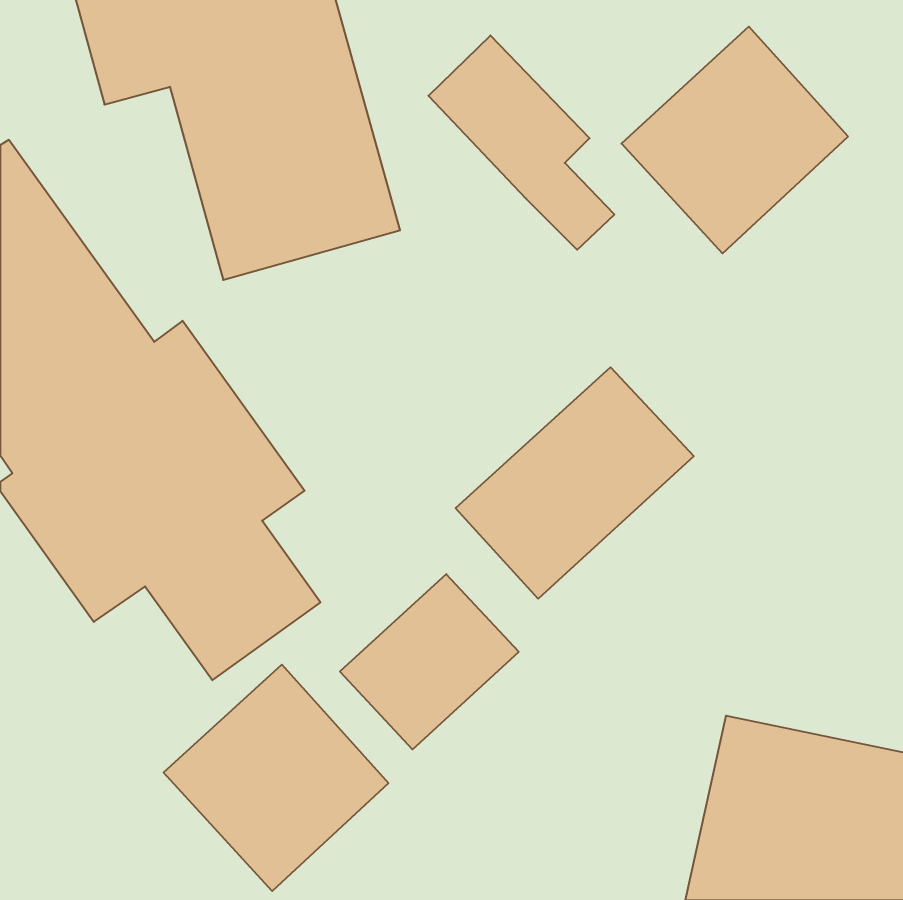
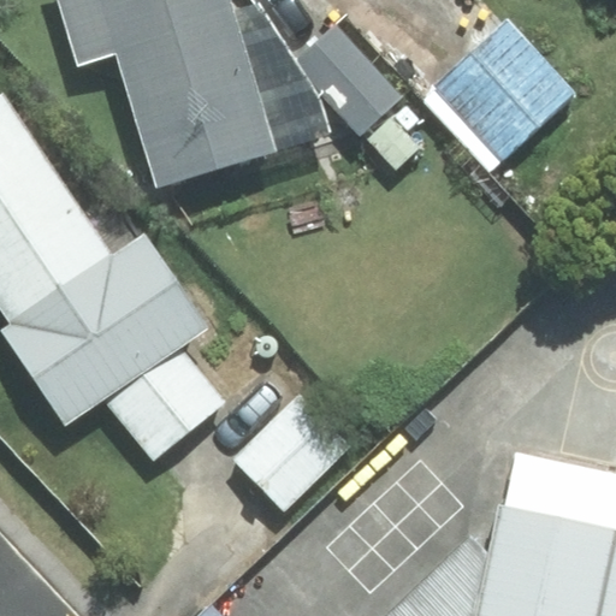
building: [456,367,694,599] -> none
building: [164,665,388,891] -> none

